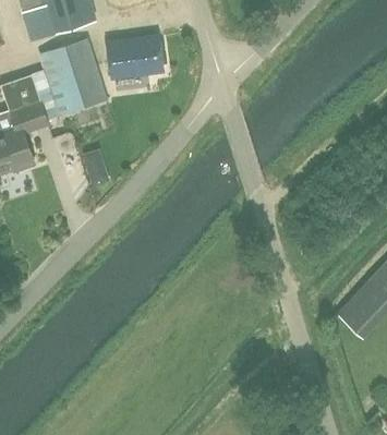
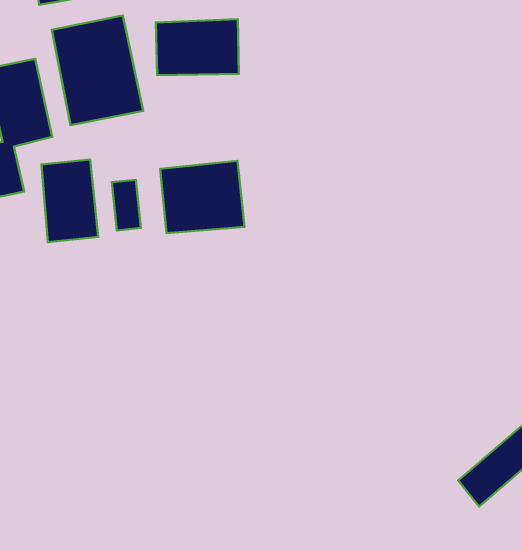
building: none -> [160,161,244,233]
building: none -> [41,160,98,242]

